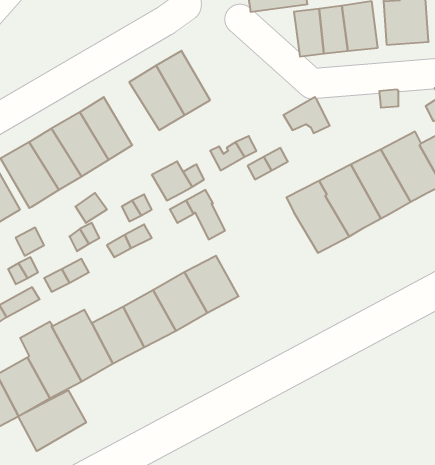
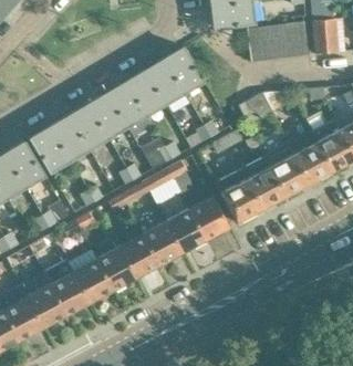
building: none -> [164,45,206,94]
building: none -> [106,81,147,127]
building: none -> [215,166,264,222]
building: none -> [189,196,230,239]
building: [18,390,86,451] -> none

